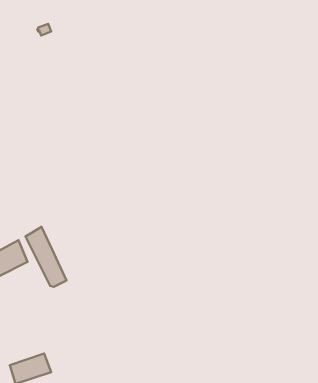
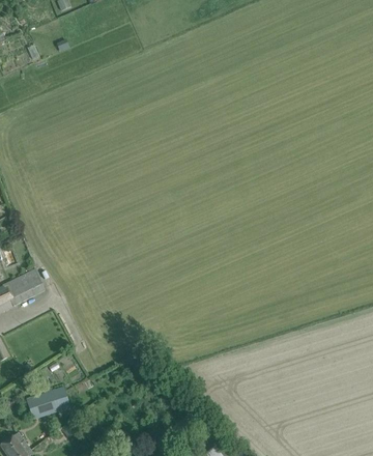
building: [25,227,66,287] -> none

